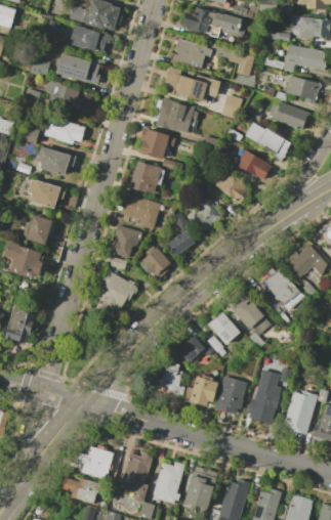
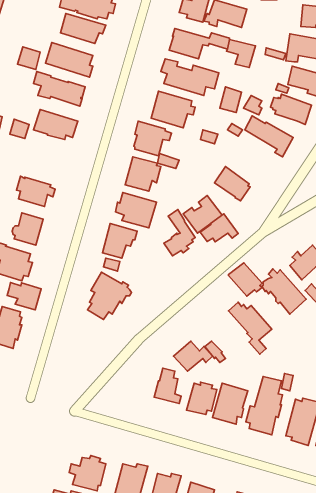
building: [37,146,76,175] -> none
building: [235,148,267,177] -> none
building: none -> [200,214,238,242]
building: [140,245,171,276] -> none
building: none -> [7,283,41,310]
building: [208,312,240,344] -> [229,263,262,296]

